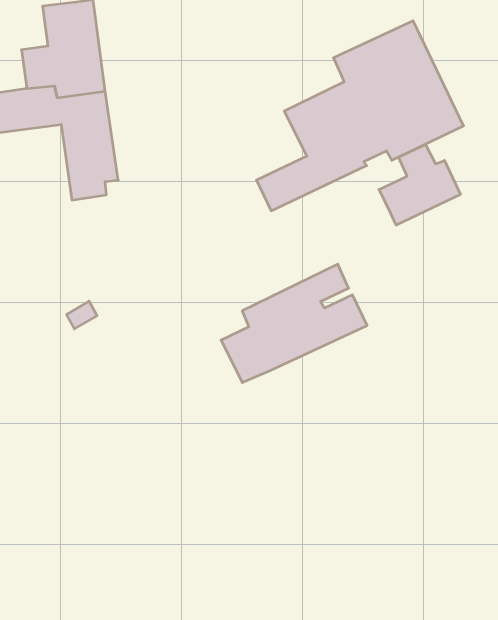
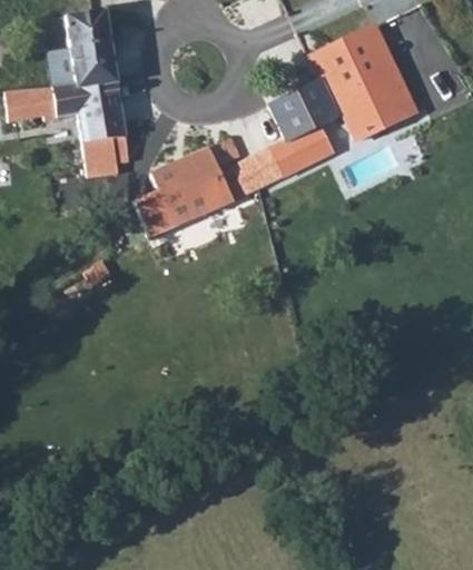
building: [379,144,460,225] -> none
building: [221,264,367,383] -> [134,135,256,234]

